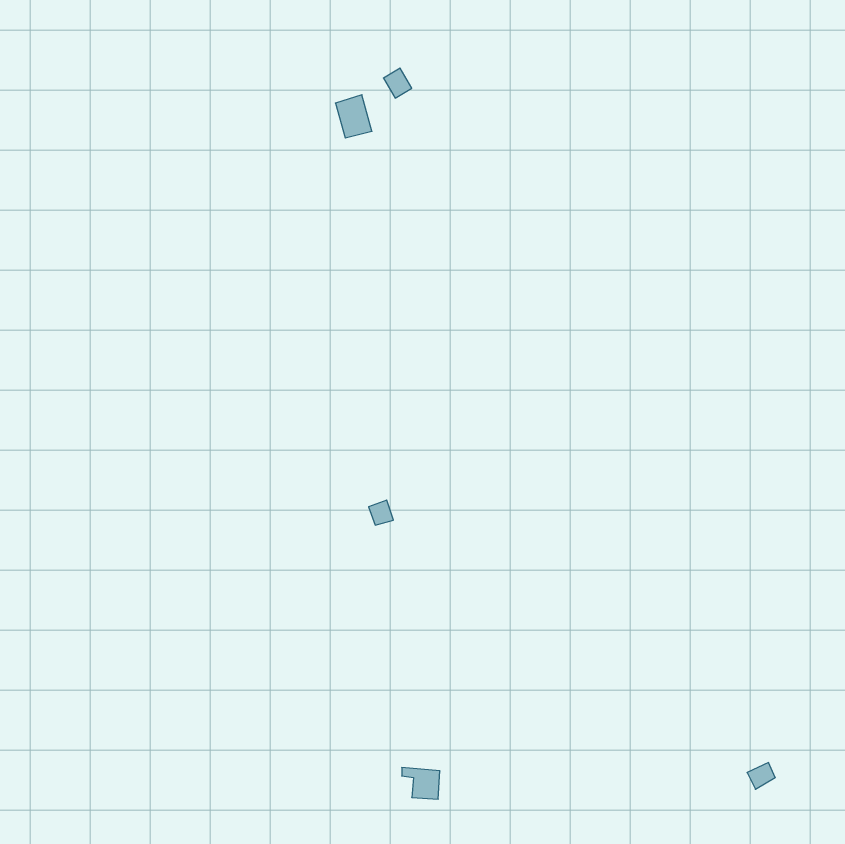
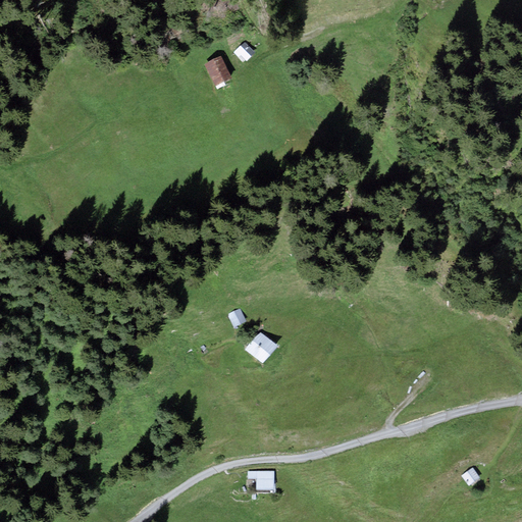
building: none -> [244,331,273,361]

